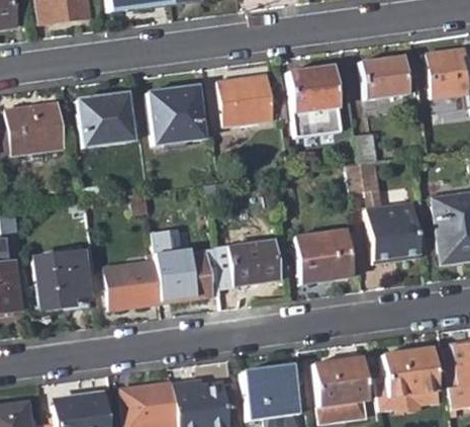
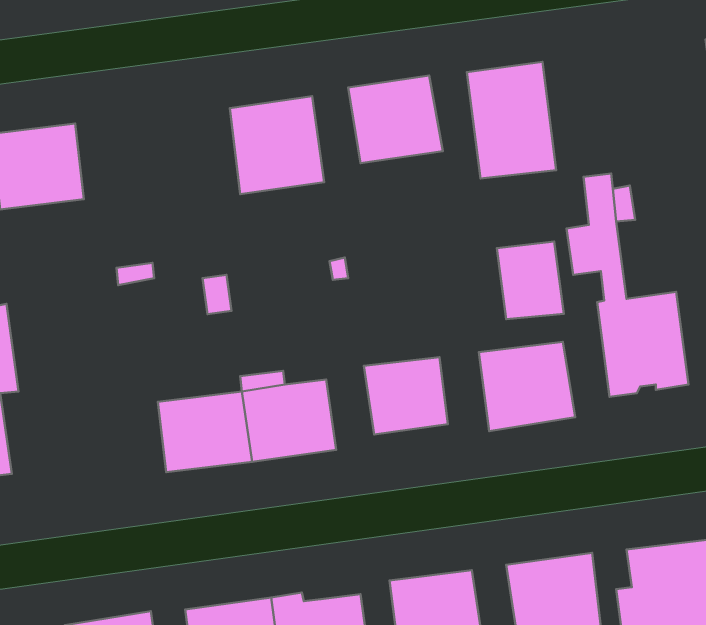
building: [362,56,421,99] -> none
building: [79,93,134,146] -> none
building: none -> [497,242,564,319]
building: [34,250,91,307] -> none

